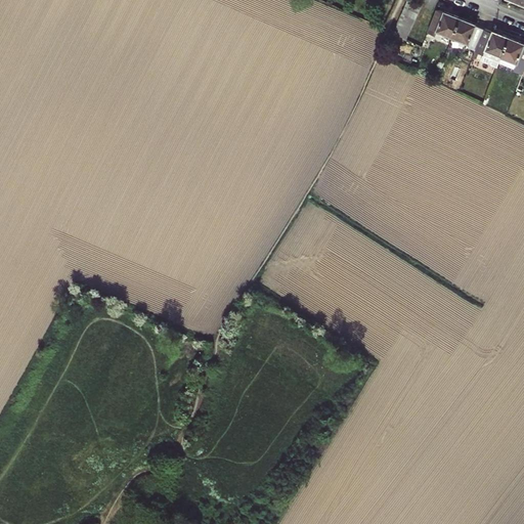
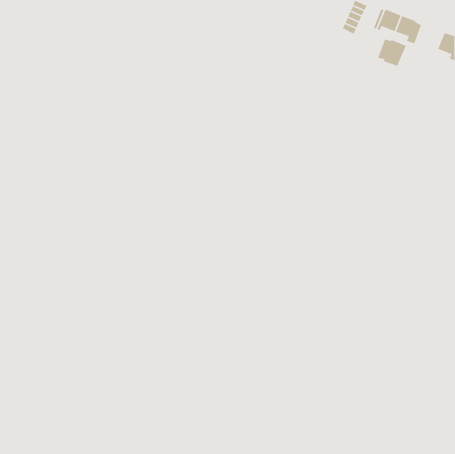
building: [476,31,510,63] -> [377,38,407,67]

